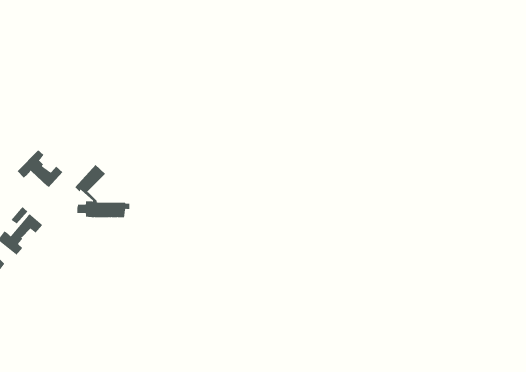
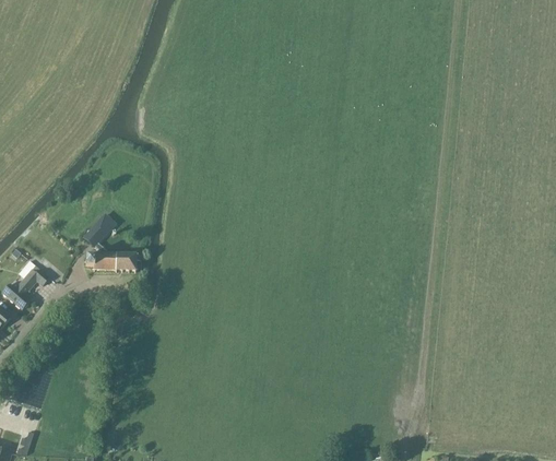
building: [17,149,63,188] -> none

